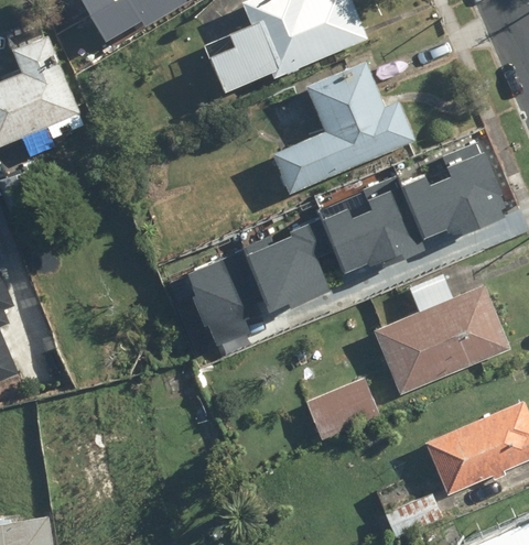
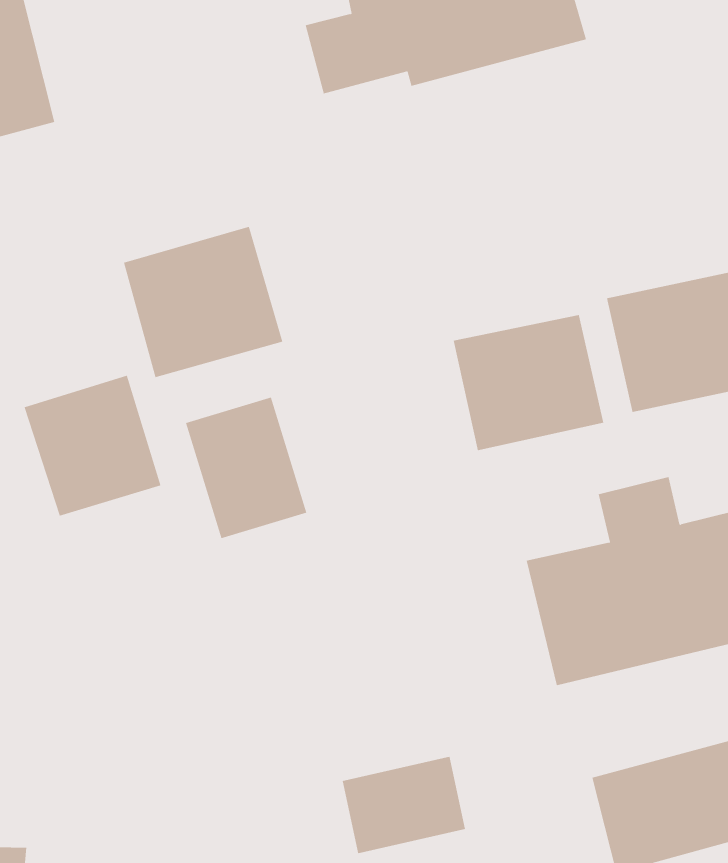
building: [274,62,413,195] -> none
building: [237,224,331,314] -> [123,226,283,378]
building: none -> [24,375,161,517]
building: [306,380,378,440] -> [342,756,466,854]

